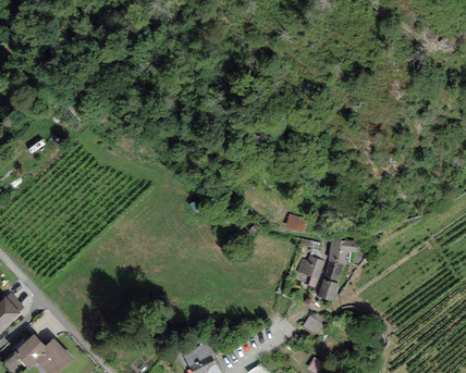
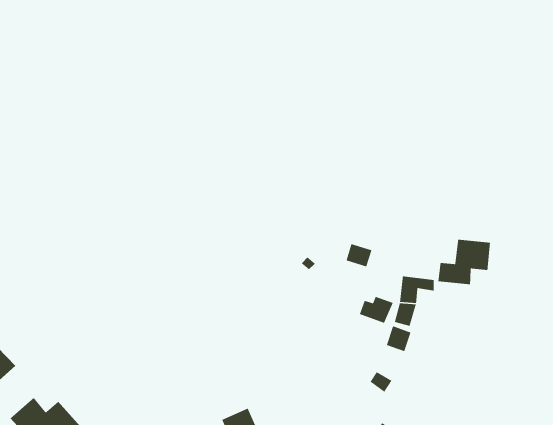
building: none -> [437,239,491,285]

